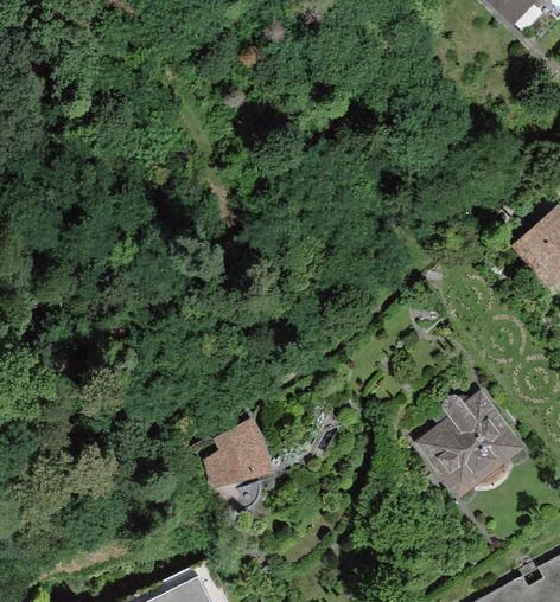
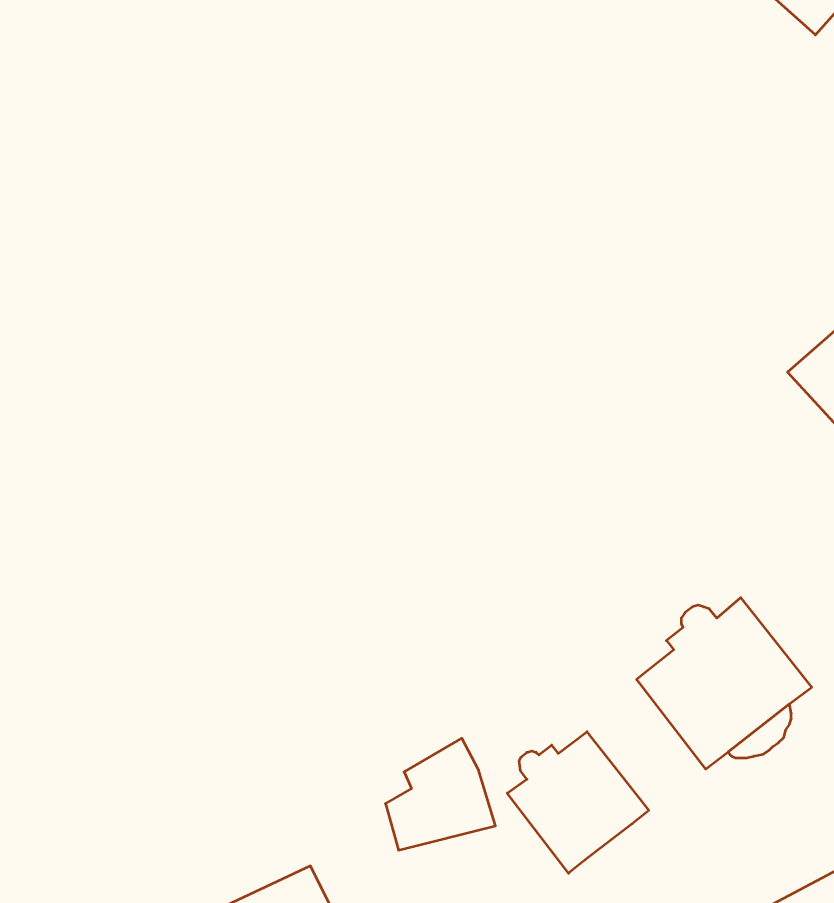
building: [203,418,273,489] -> [385,738,495,850]
building: none -> [507,732,649,873]

